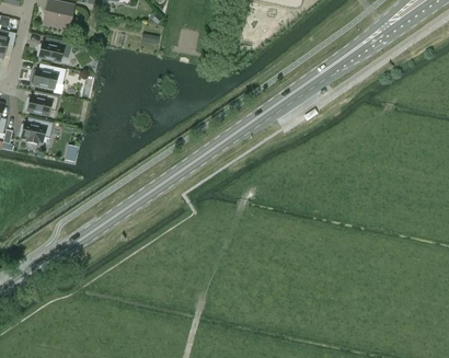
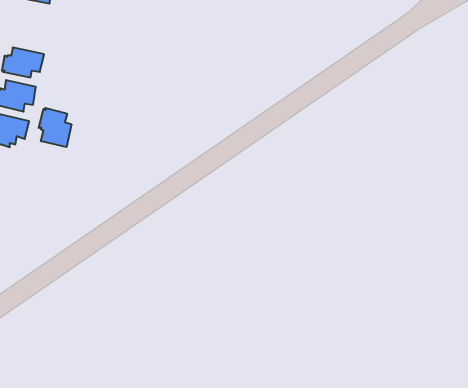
building: [37,37,70,61] -> none
building: none -> [39,108,71,147]

